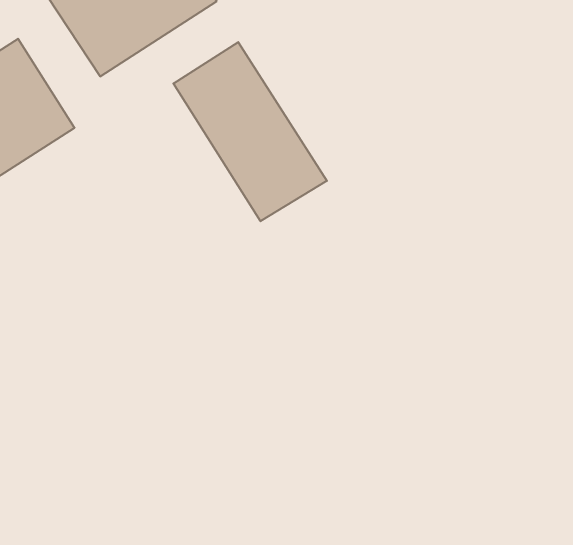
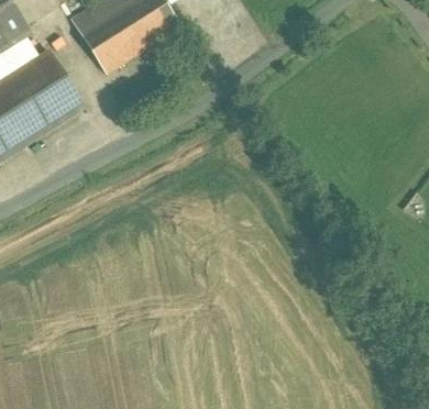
building: [173,42,327,221] -> none

